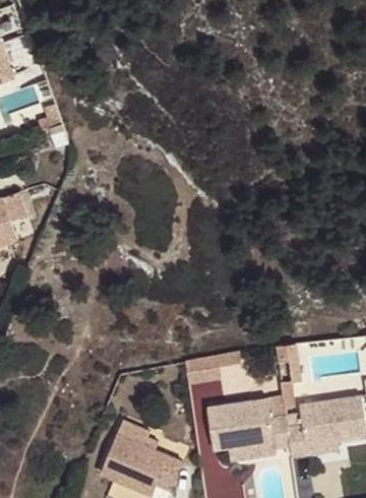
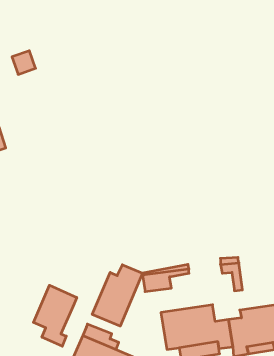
building: none -> [92,265,142,326]
building: none -> [33,285,77,346]

